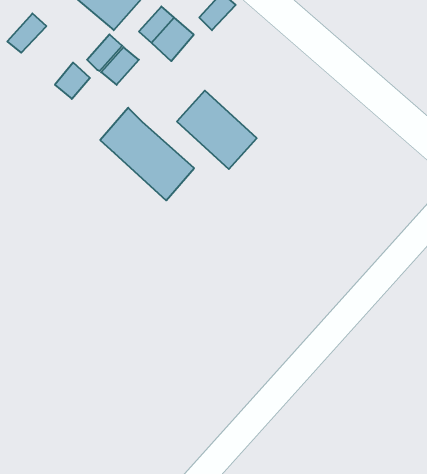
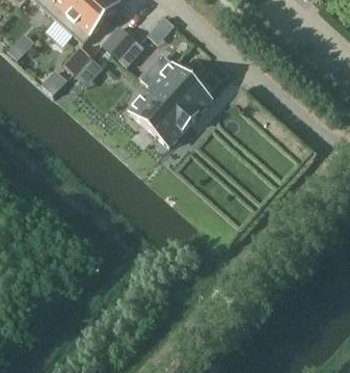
building: [100,108,194,200] -> [143,52,213,121]

